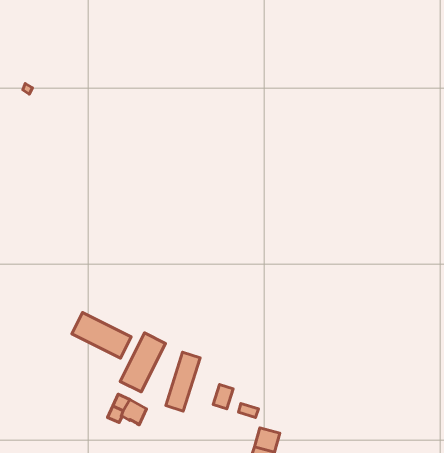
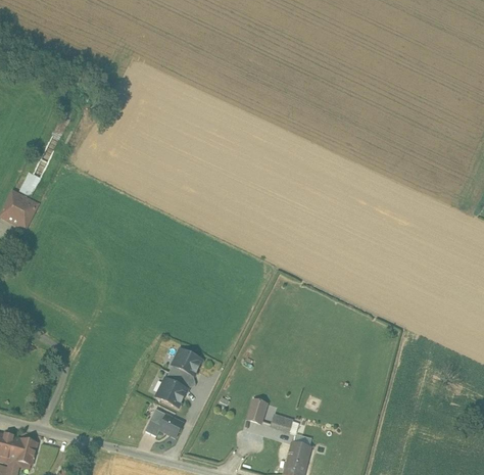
building: [72,313,131,358] -> none
building: [166,352,200,411] -> none

